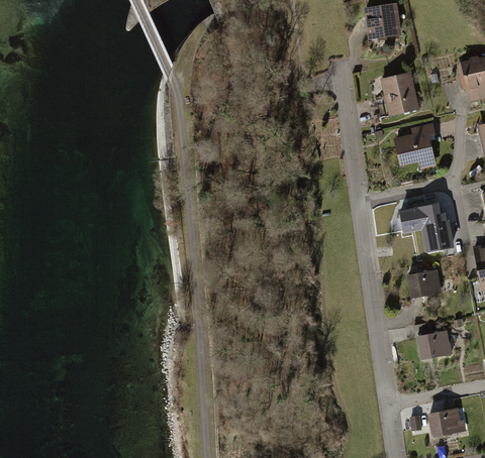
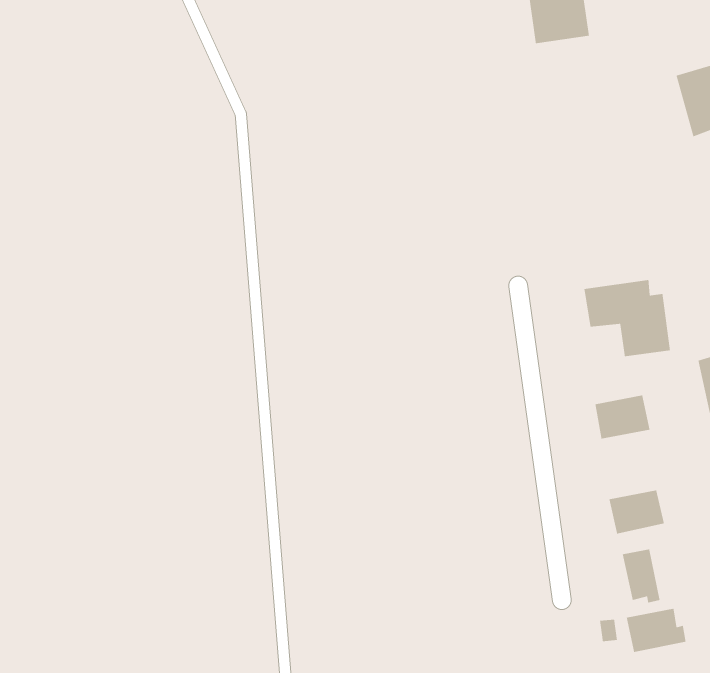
building: [381,73,418,115] -> none
building: [392,123,437,168] -> none
building: none -> [622,549,661,603]

